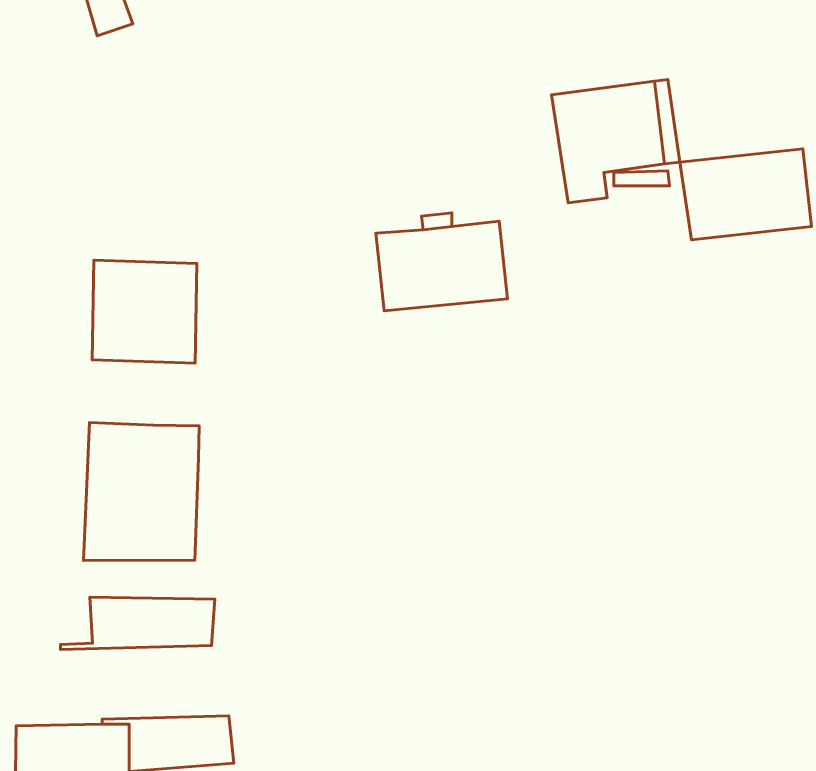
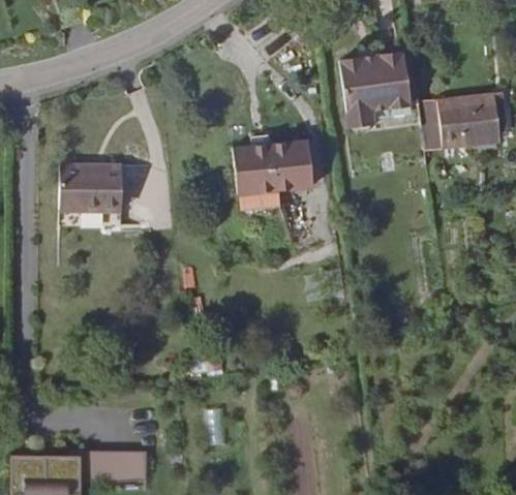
building: [83,422,199,561] -> none
building: [60,597,215,650] -> none

